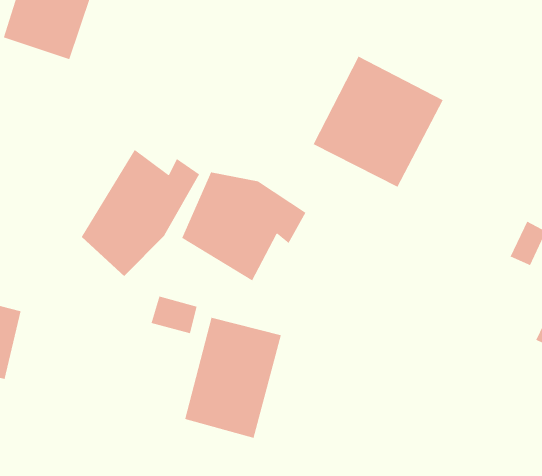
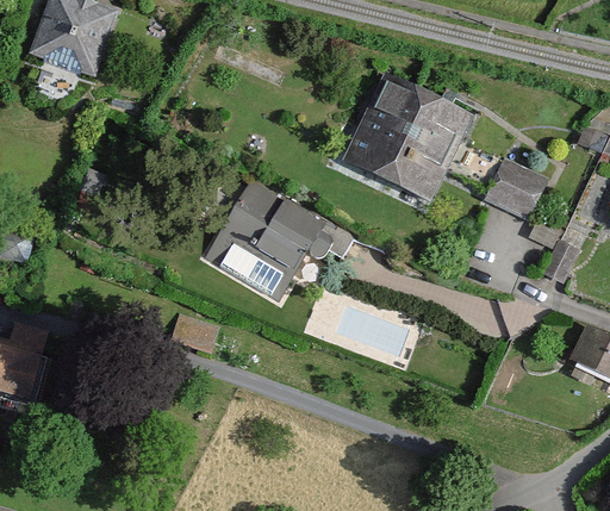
building: none -> [485,156,549,222]
building: [81,149,200,277] -> none
building: [184,317,282,439] -> none

